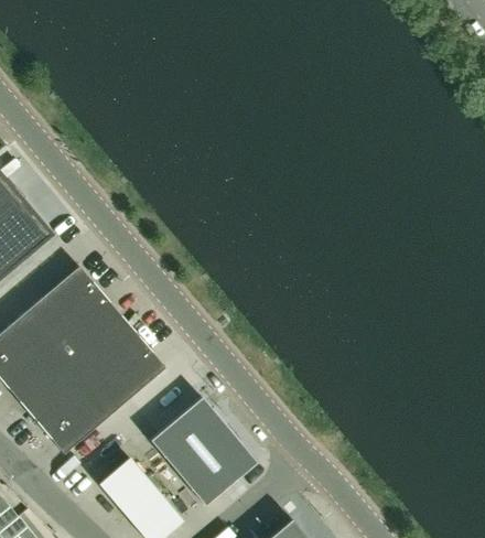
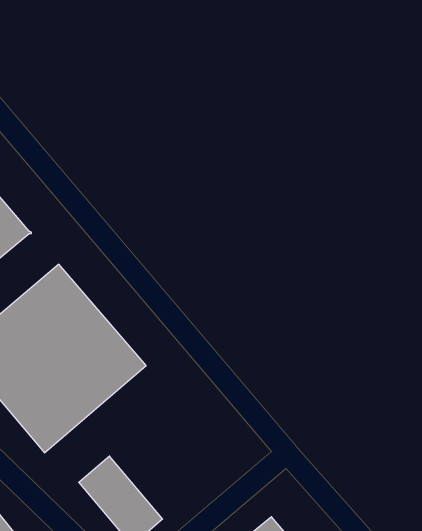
building: [149,397,256,506] -> none

